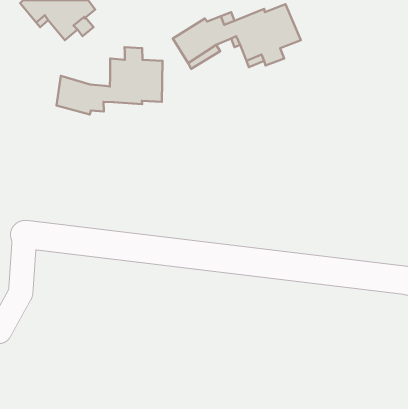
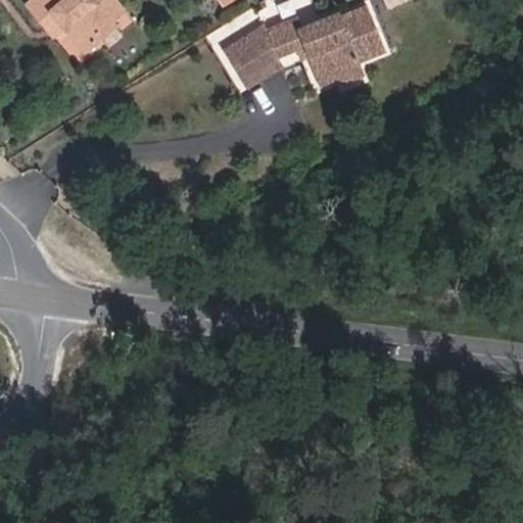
building: [56,47,162,115] -> none

